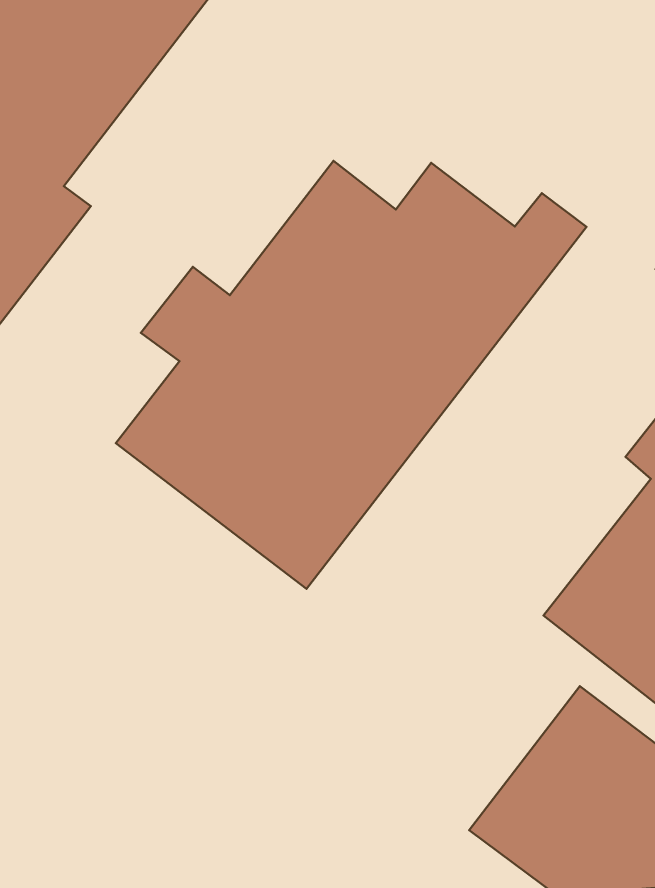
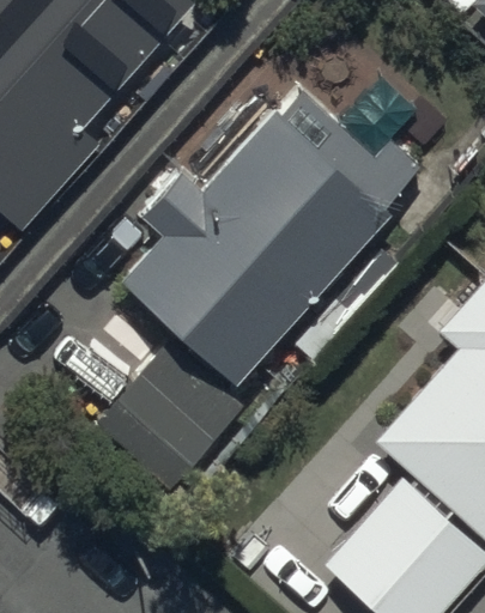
building: none -> [79,348,238,510]

